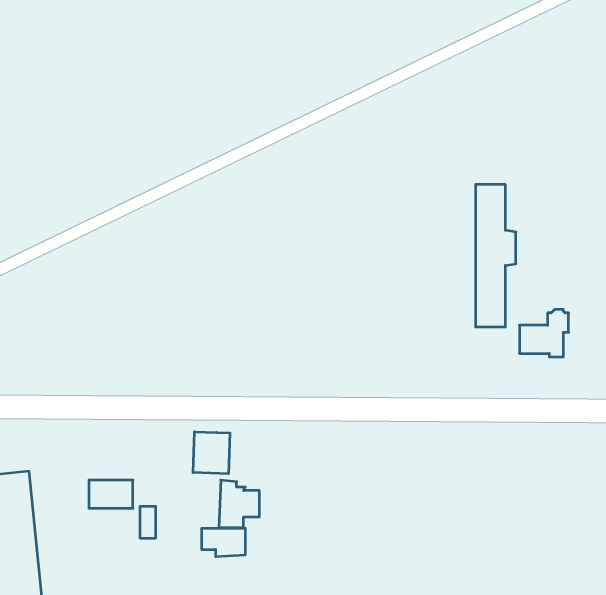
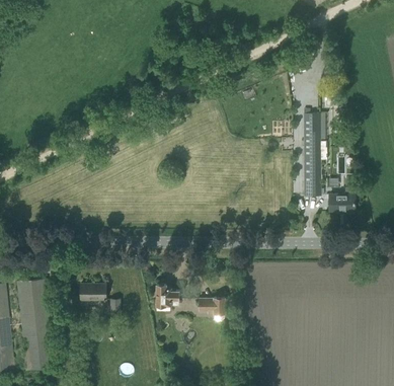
building: [193,432,230,474] -> none
building: [202,528,245,557] -> [200,298,225,314]

